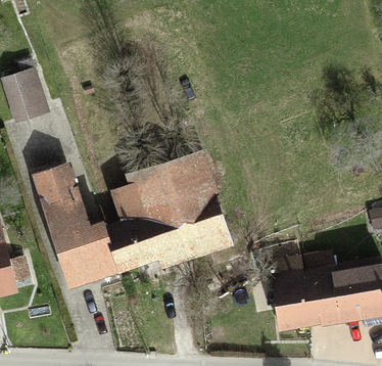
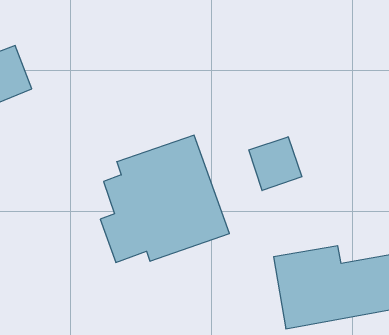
building: none -> [249,137,302,191]
building: [35,164,126,287] -> none

